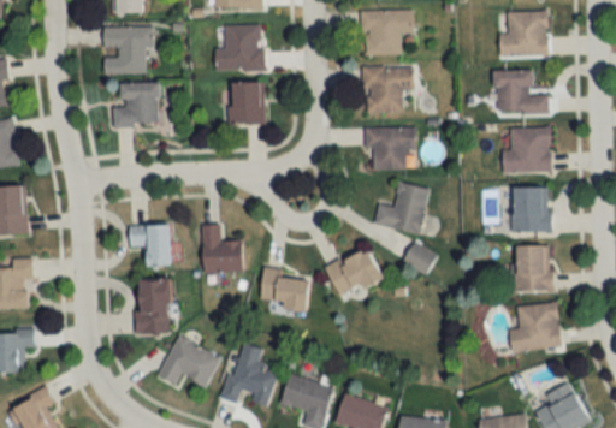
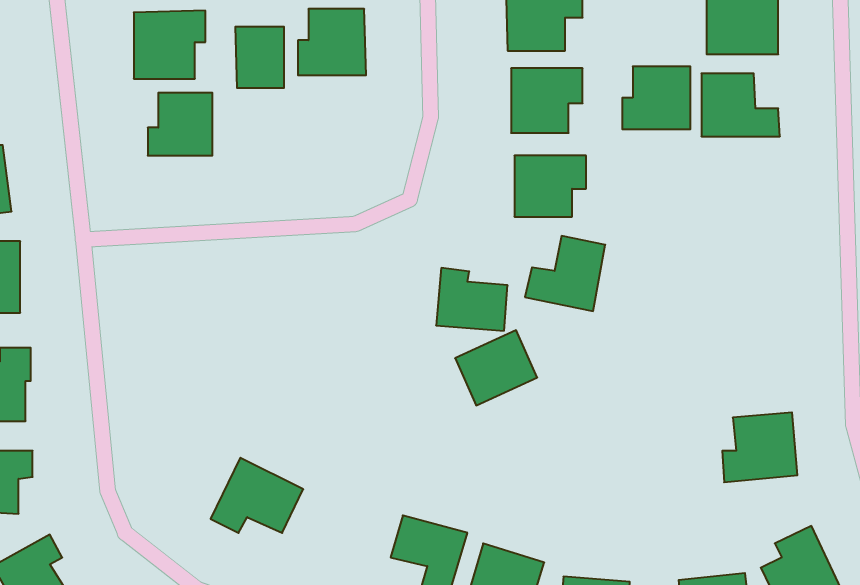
building: [230,82,263,124] -> [235,27,284,88]
building: [503,127,550,171] -> [622,66,690,129]
building: [511,186,550,232] -> none
building: [129,224,170,267] -> none
building: [201,224,241,272] -> none
building: [403,242,437,273] -> none
building: [515,245,551,291] -> none
building: [259,266,308,309] -> [436,268,508,331]
building: [135,279,168,333] -> none
building: [223,341,277,405] -> none

